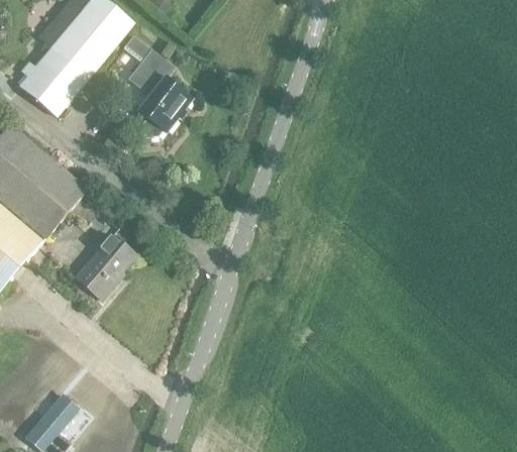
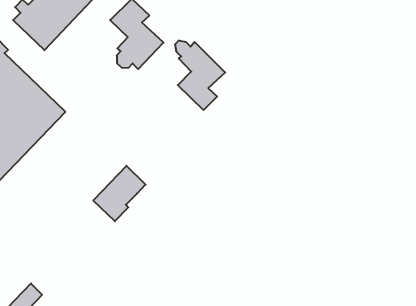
building: none -> [175,40,225,110]
building: [76,232,135,298] -> [93,166,146,221]

